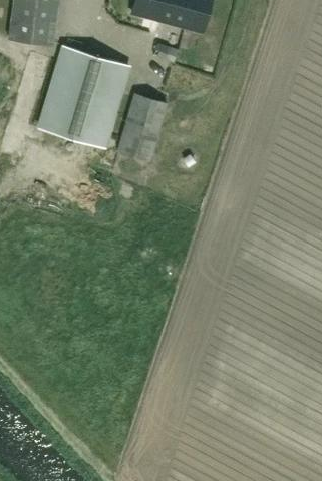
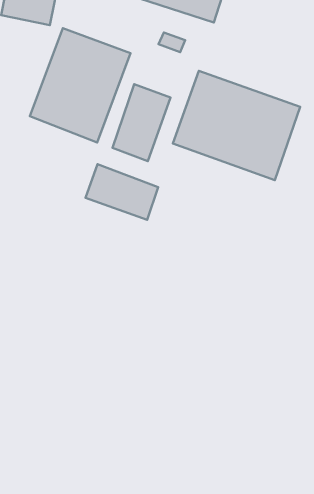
building: none -> [173,71,300,180]
building: none -> [86,164,158,220]

